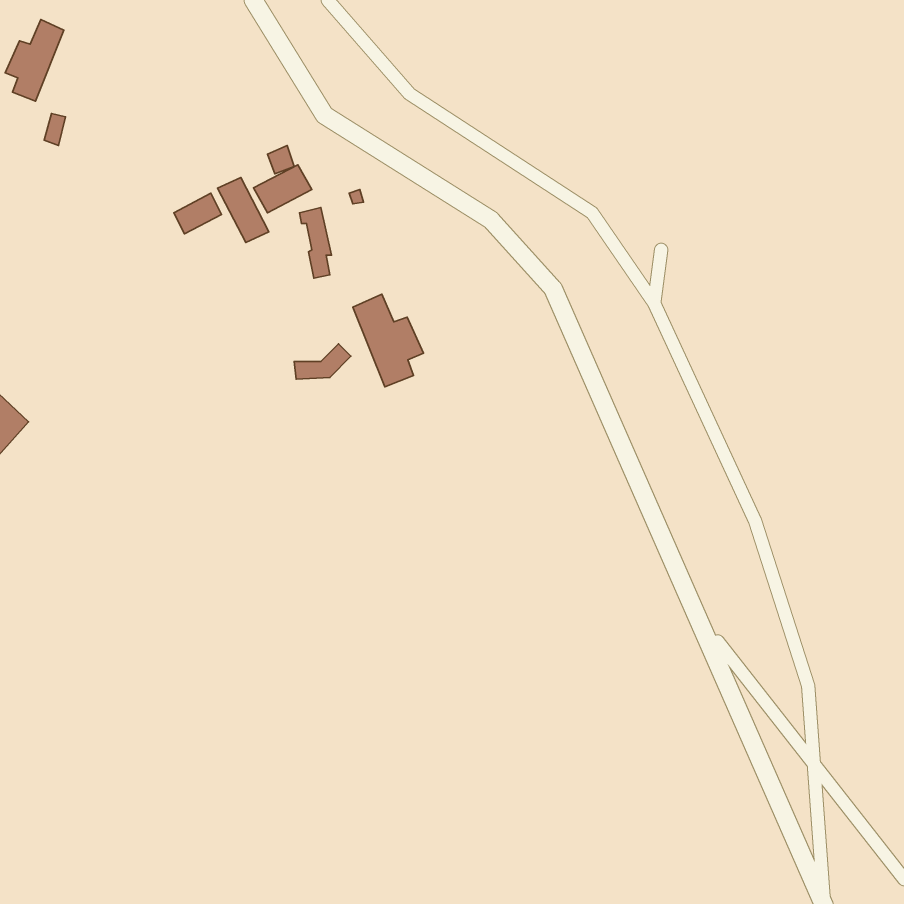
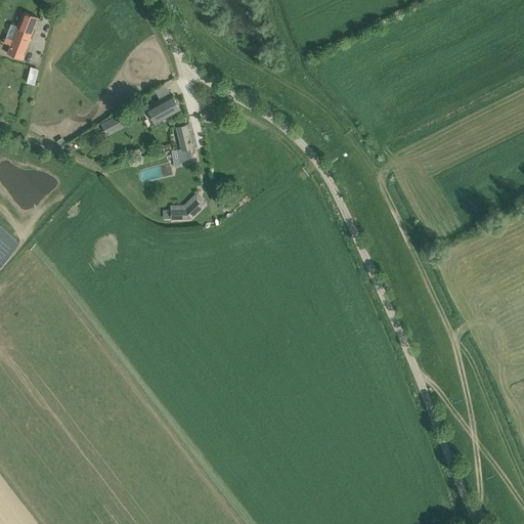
building: [217,178,269,242] -> none
building: [353,294,423,387] -> none

